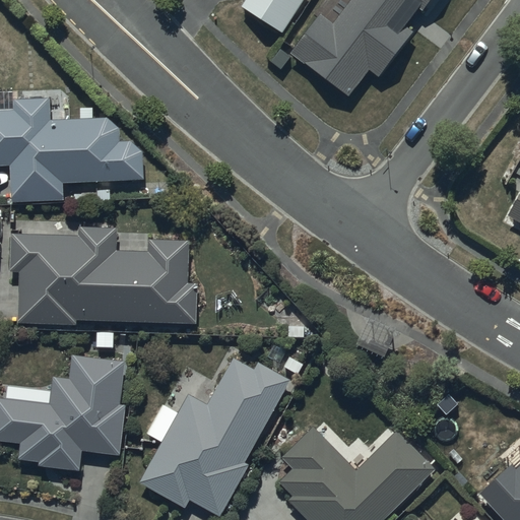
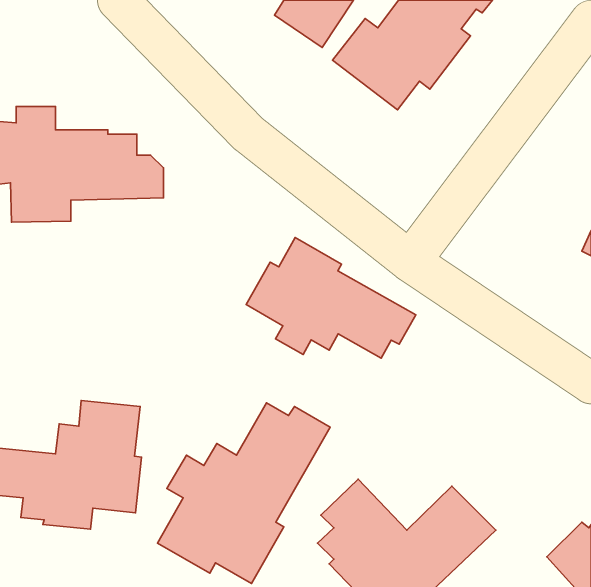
building: none -> [246,238,416,358]
building: [9,226,196,324] -> none

